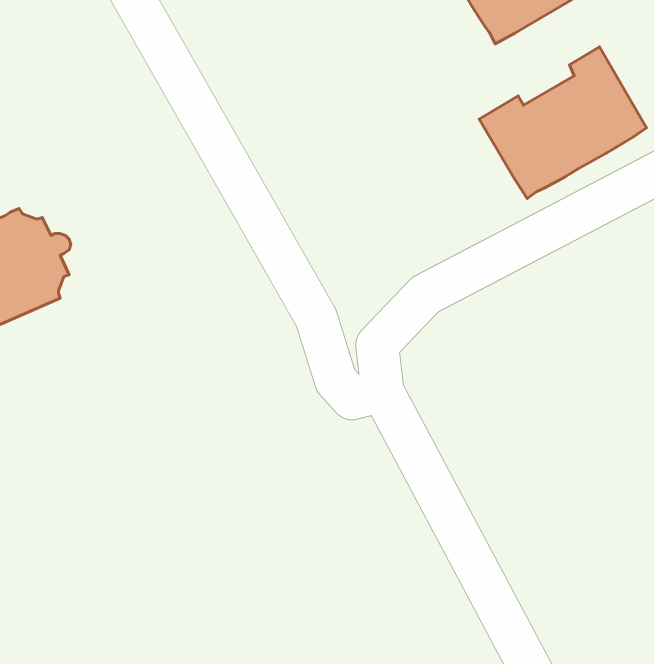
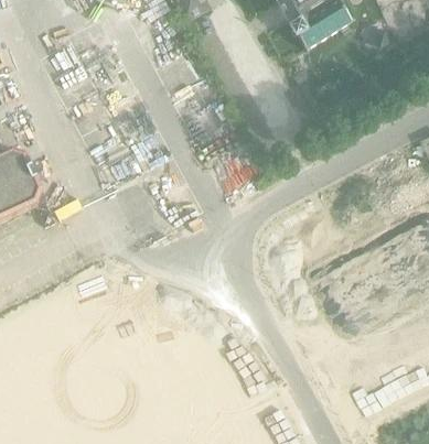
building: [479,47,647,198] -> none

